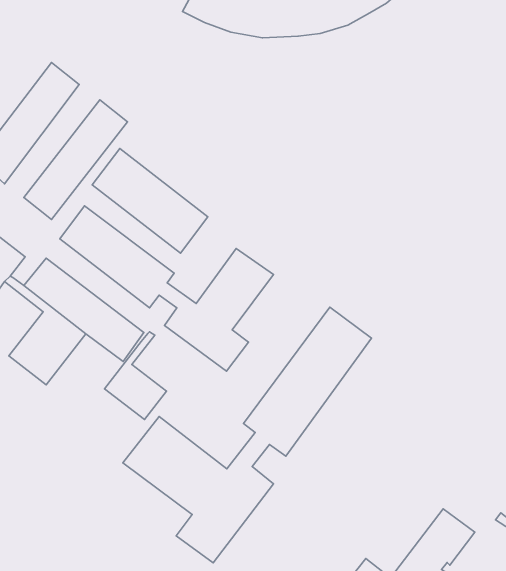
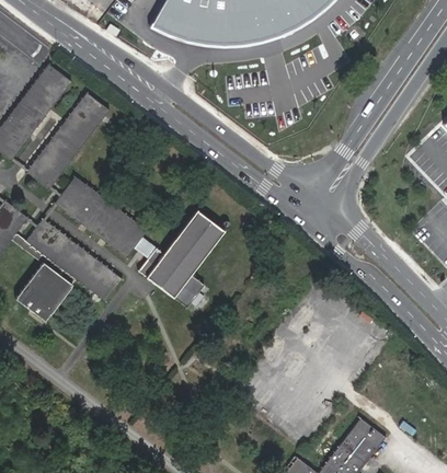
building: [92,148,208,253] -> none
building: [123,307,371,563] -> none
building: [104,332,166,419] -> none

